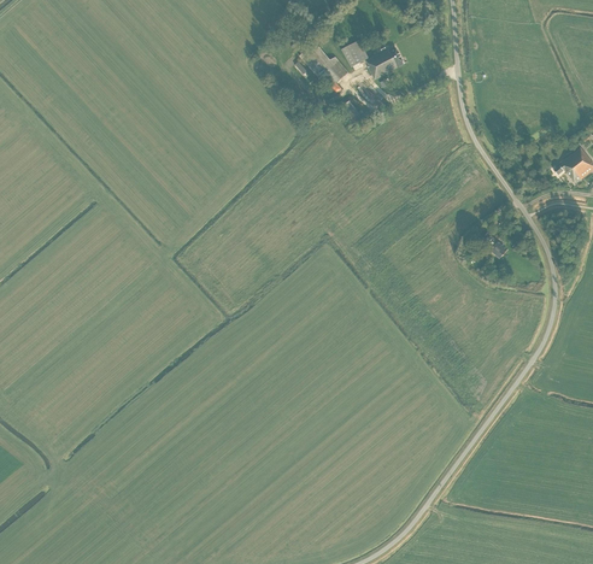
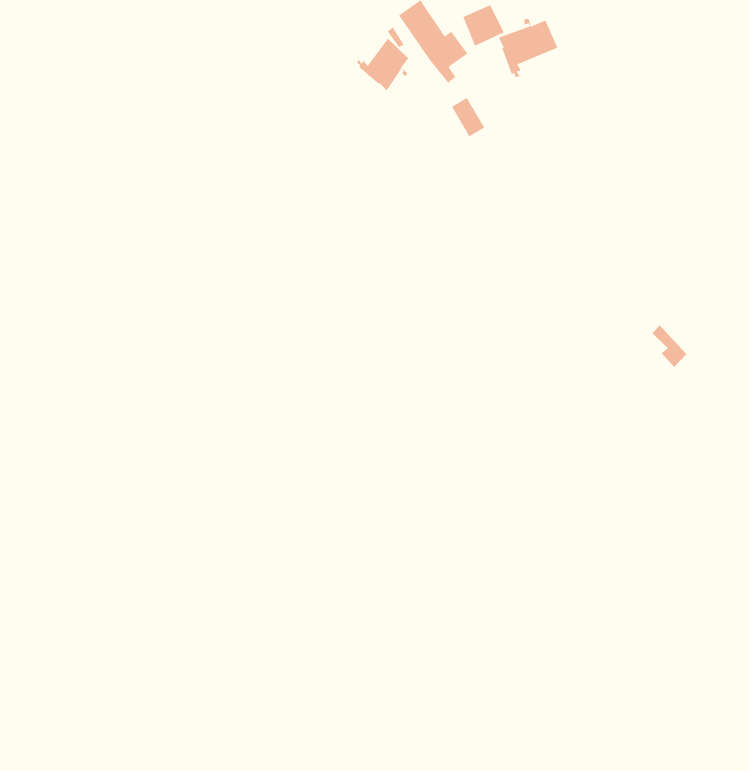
building: none -> [356,38,409,91]

